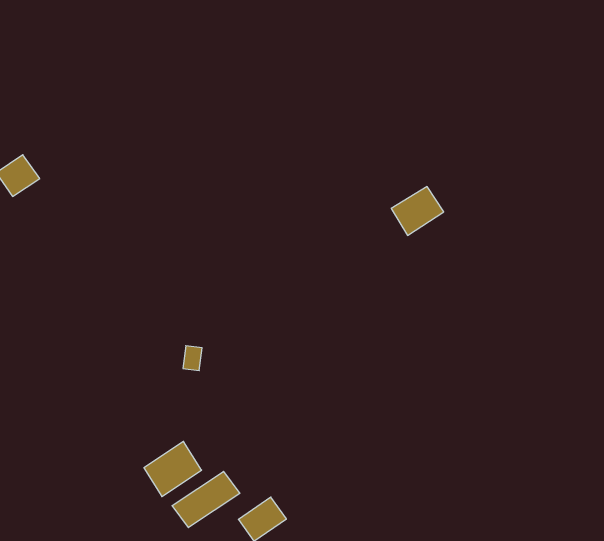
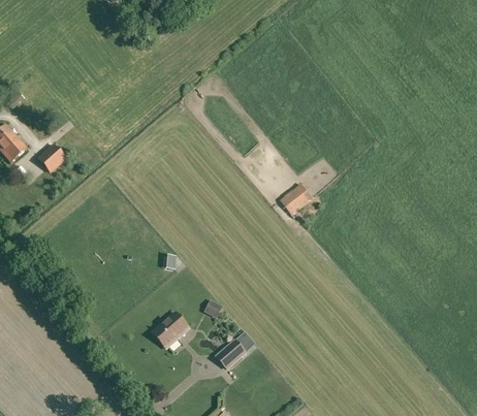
building: [391,187,444,235] -> [280,183,313,215]
building: [172,471,240,528] -> none

